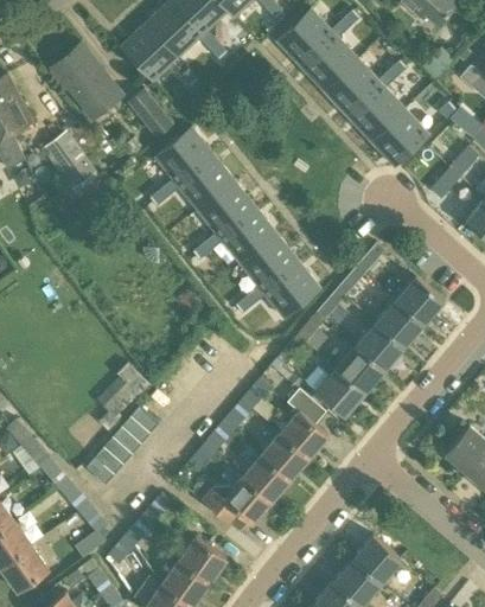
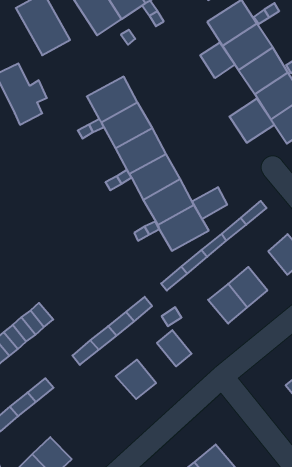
building: none -> [200,42,235,78]
building: [127,88,173,138] -> none
building: none -> [229,99,274,143]
building: none -> [192,187,227,219]
building: [376,300,423,346] -> none
building: [96,362,146,413] -> none
building: [315,369,364,416] -> none
building: [264,429,312,477] -> none
building: [210,477,272,530] -> none
building: [179,537,225,582] -> none

